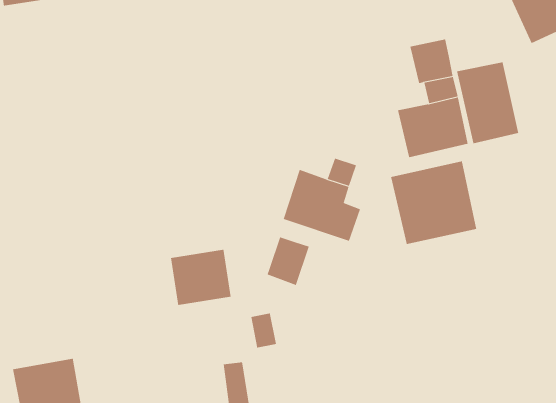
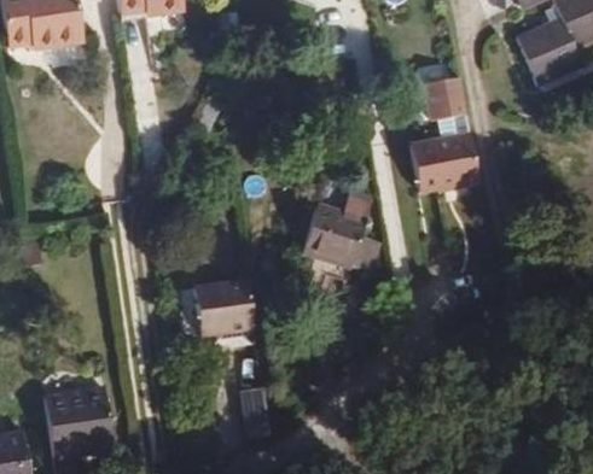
building: [457,61,519,144] -> none
building: [390,161,477,245] -> none
building: [267,236,310,286] -> none

